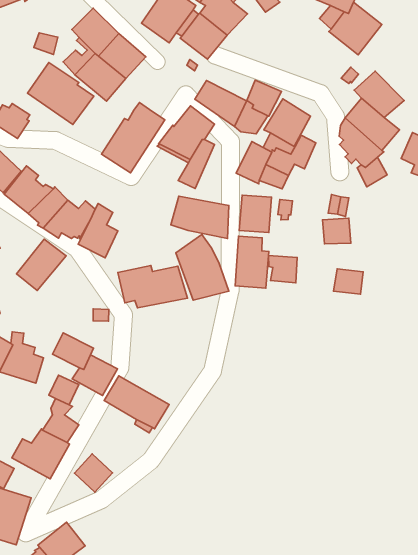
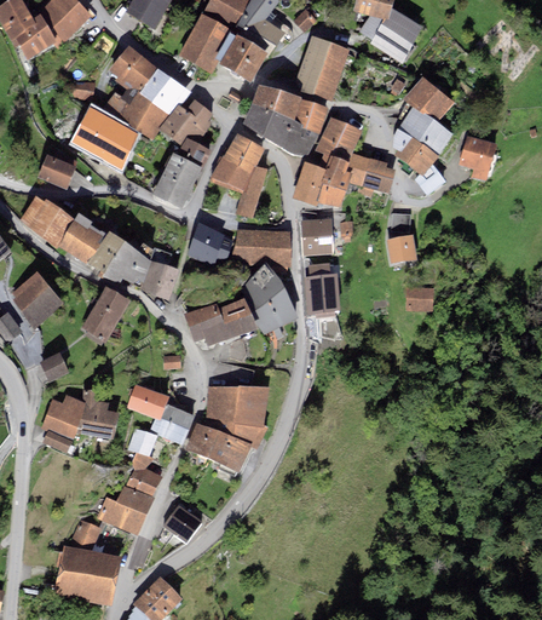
building: none -> [293,36,351,101]
building: none -> [252,87,300,122]
building: none -> [161,99,214,145]
building: none -> [362,157,396,195]
building: none -> [188,223,233,263]
building: [269,256,297,283] -> none
building: none -> [206,381,270,443]

